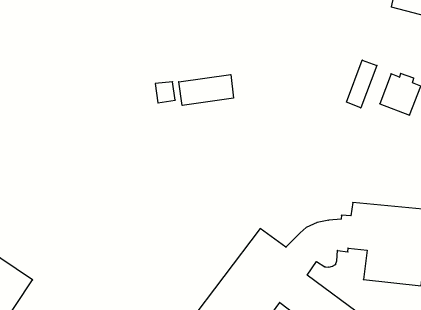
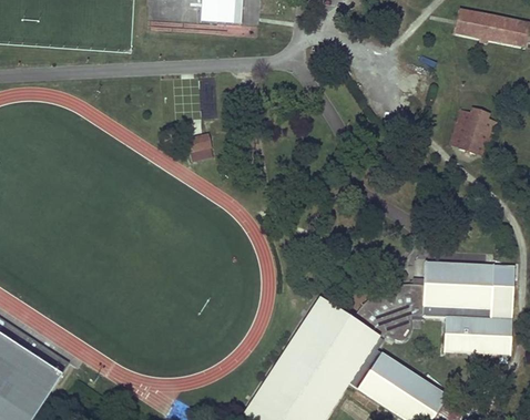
building: [347,60,377,108] -> none
building: [179,75,233,105] -> none

